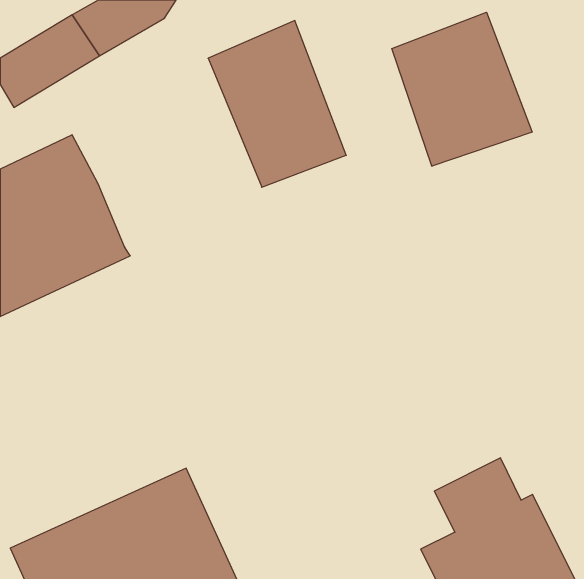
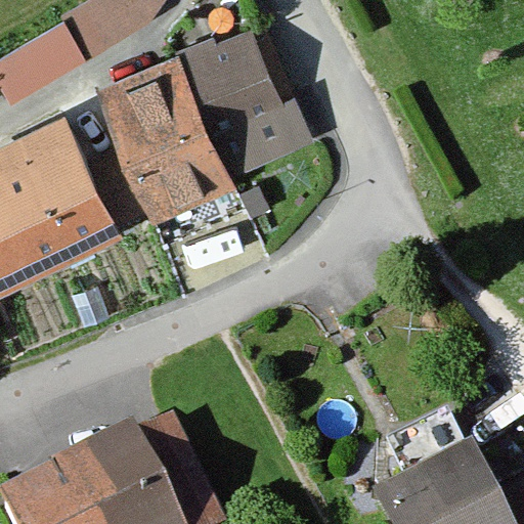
building: [392,12,532,166] -> none
building: none -> [88,56,239,225]

